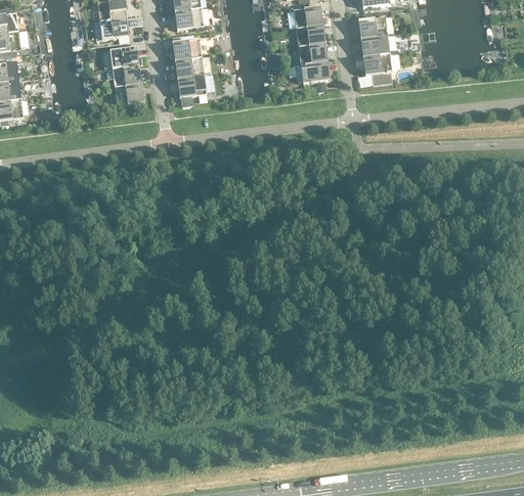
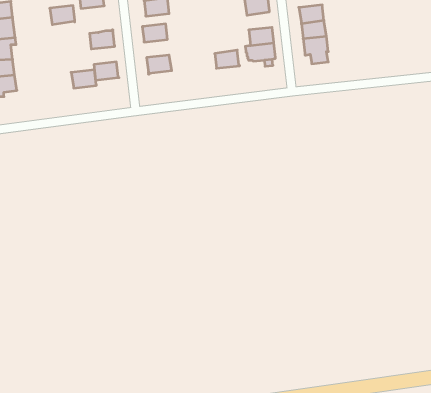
building: [99,16,129,39] -> [50,6,75,25]
building: [296,24,325,45] -> [215,50,240,68]
building: [174,56,204,78] -> none
building: [112,64,141,86] -> [71,70,96,88]

